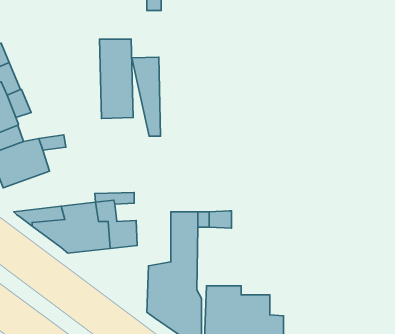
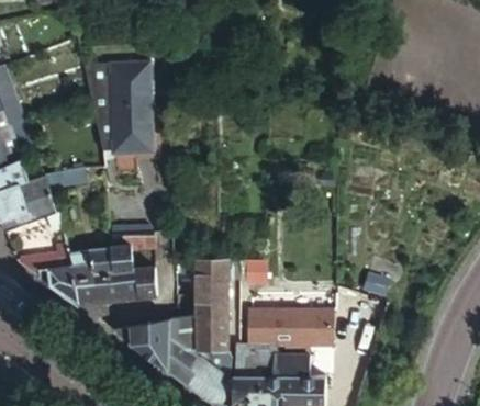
building: [132,57,161,136] -> [85,64,118,154]
building: none -> [247,309,334,346]
building: none -> [111,322,171,374]

